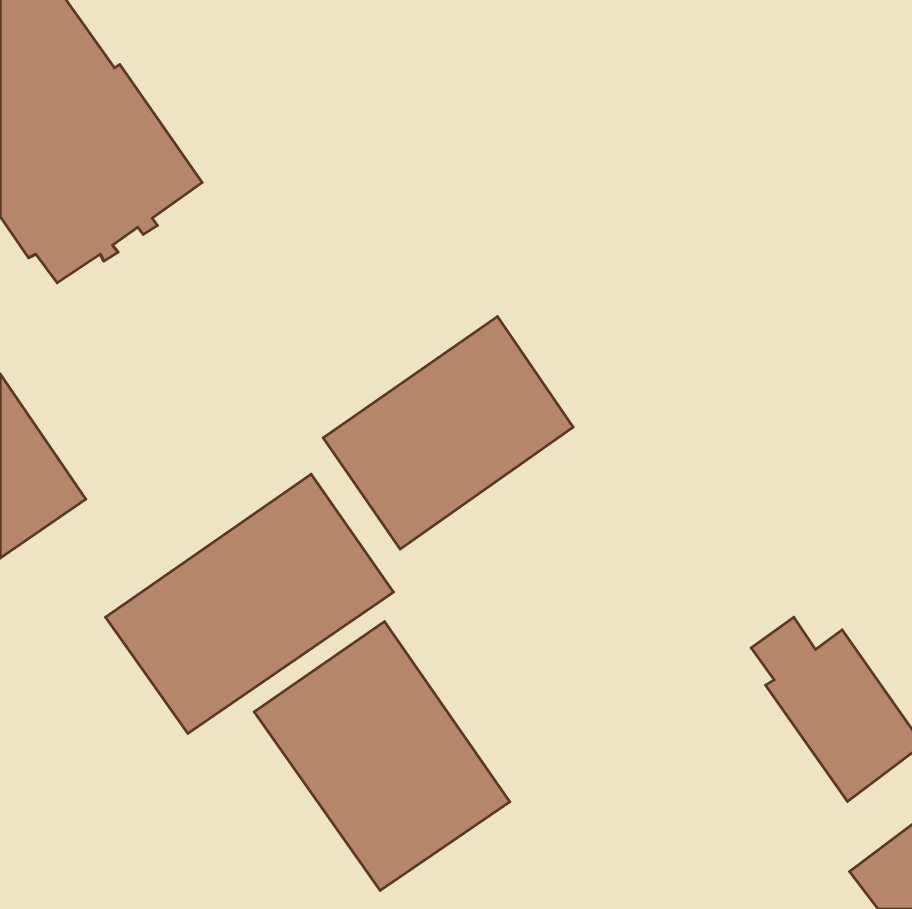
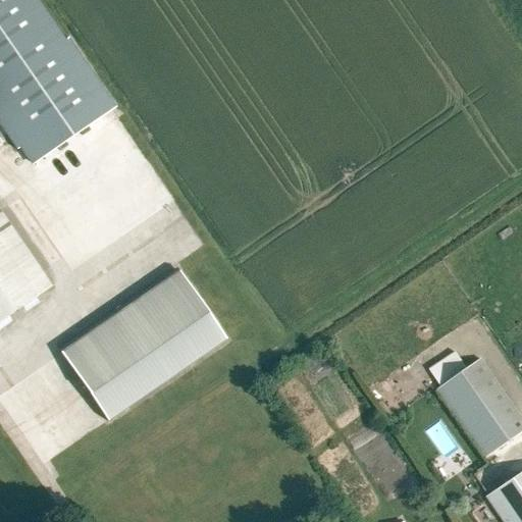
building: [323,316,573,549] -> none
building: [254,621,510,891] -> none

